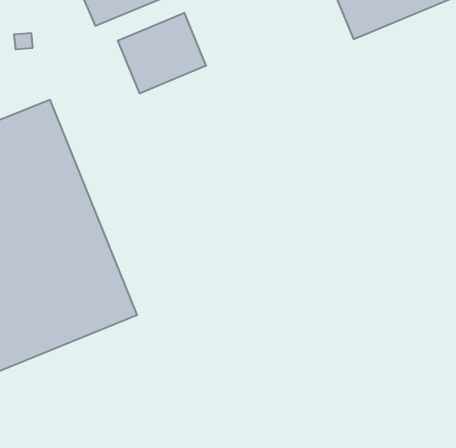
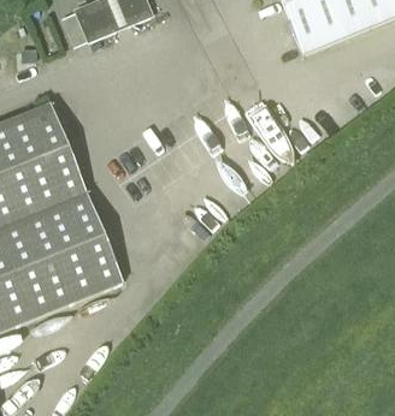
building: [118,13,206,93] -> none

